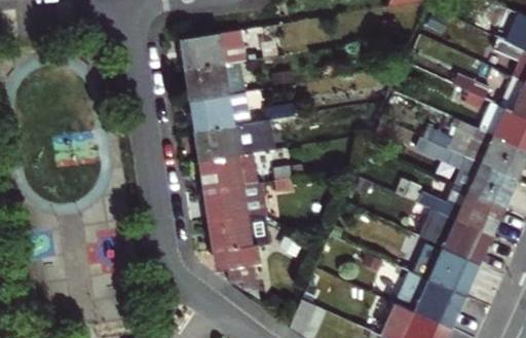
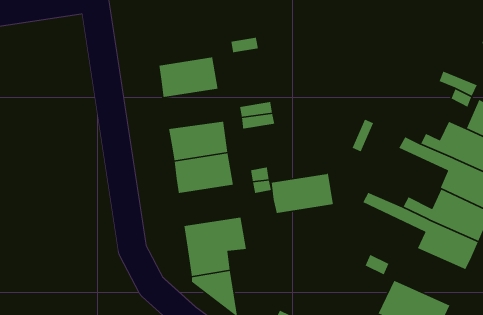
building: [183,29,247,69] -> none
building: [192,91,250,128] -> none
building: [206,181,266,220] -> [271,172,334,214]
building: [417,241,478,295] -> none

